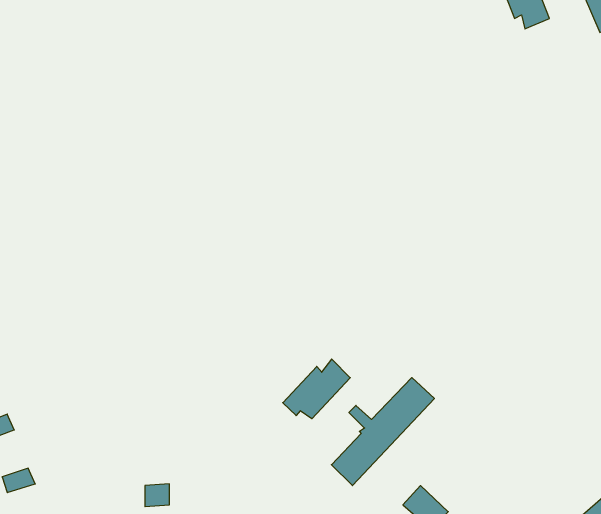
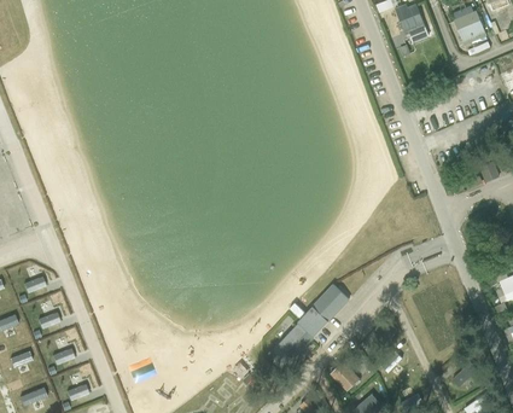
building: [283,359,350,419] -> none

